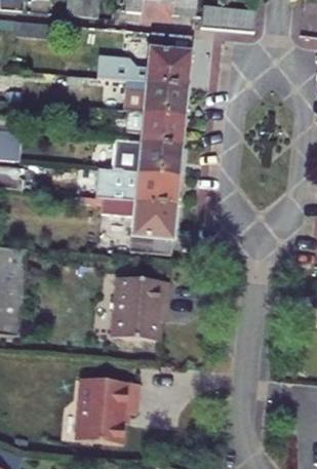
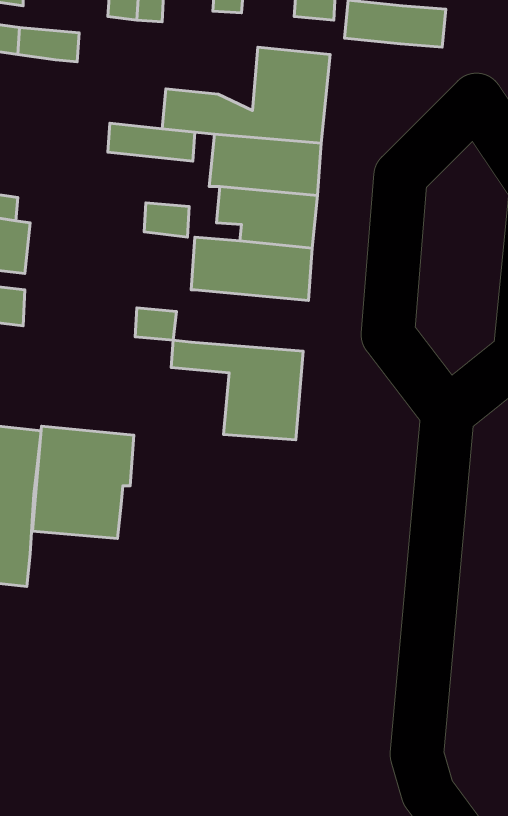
building: [113,168,180,203] -> none
building: [112,276,169,340] -> [33,426,134,538]
building: [76,378,141,444] -> none

